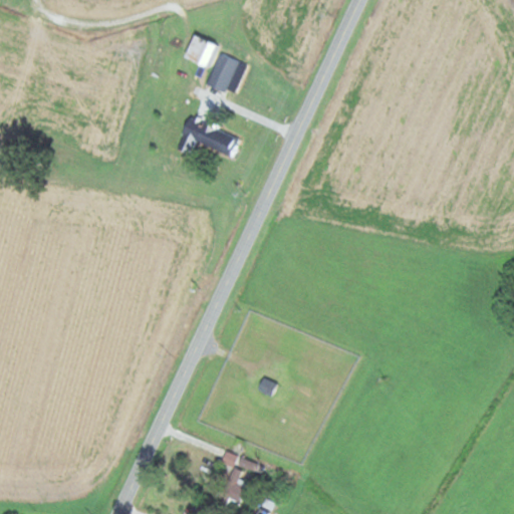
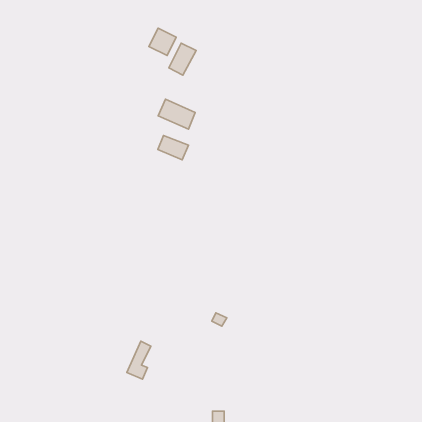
building: none -> [158,135,188,160]
building: [221,458,250,504] -> [127,341,151,379]

